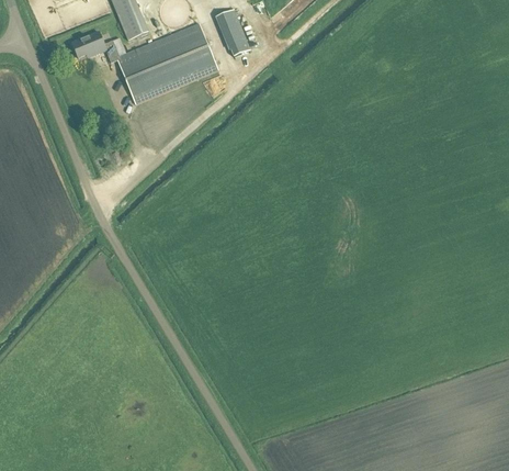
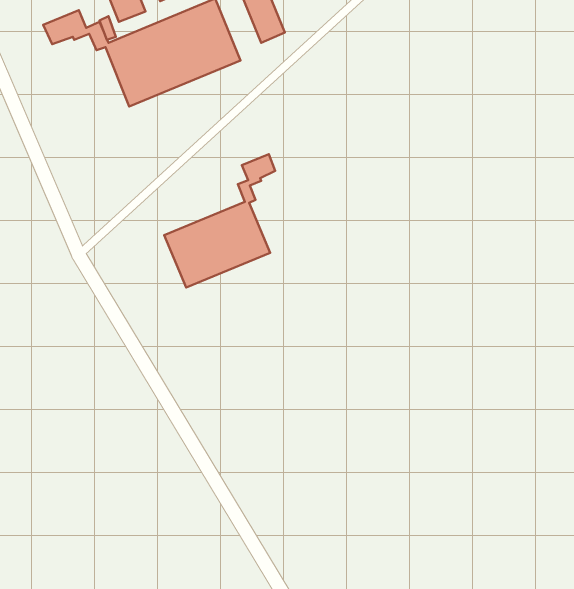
building: none -> [164,154,275,288]

